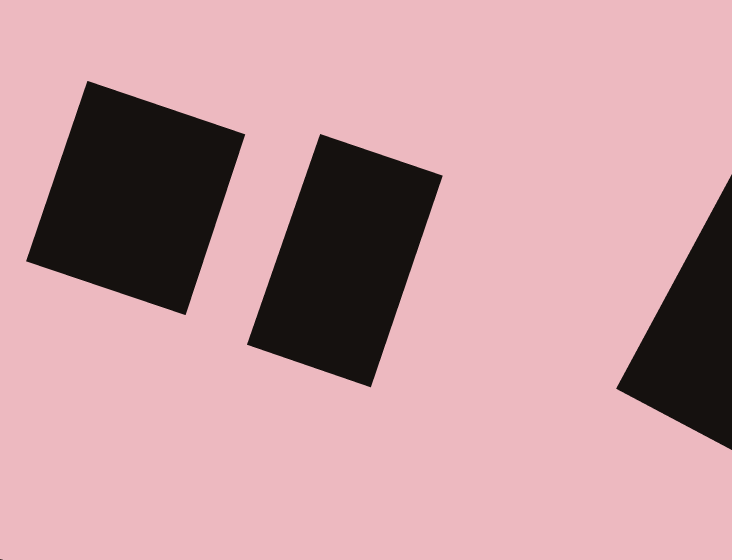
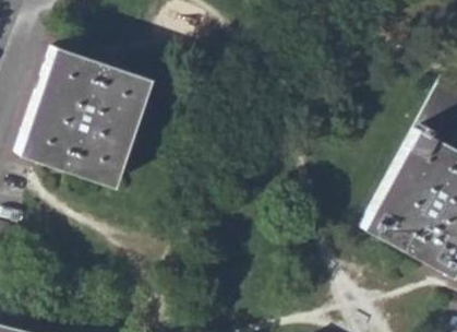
building: [246,133,444,388] -> none

